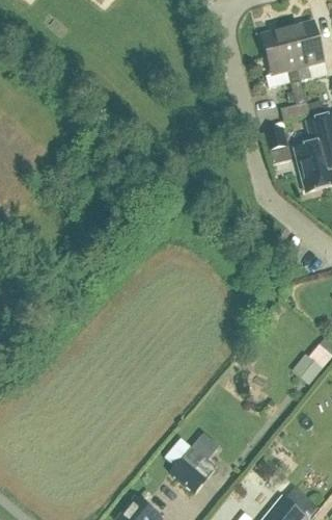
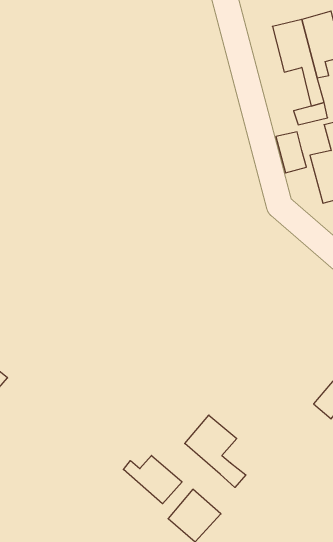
building: none -> [185,415,246,487]
building: none -> [123,455,182,504]

